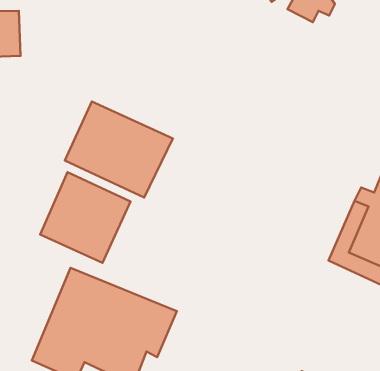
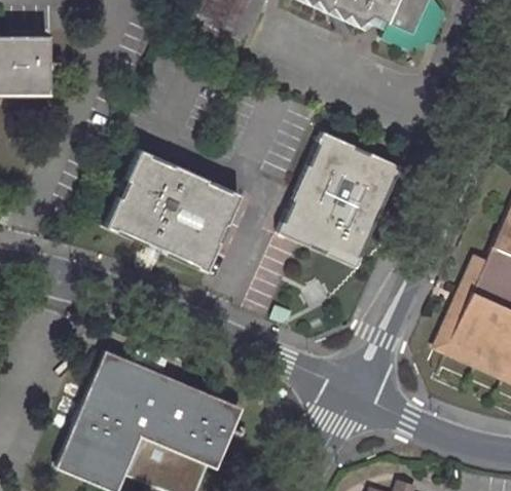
building: none -> [275,129,399,264]
building: [40,172,131,263] -> none

